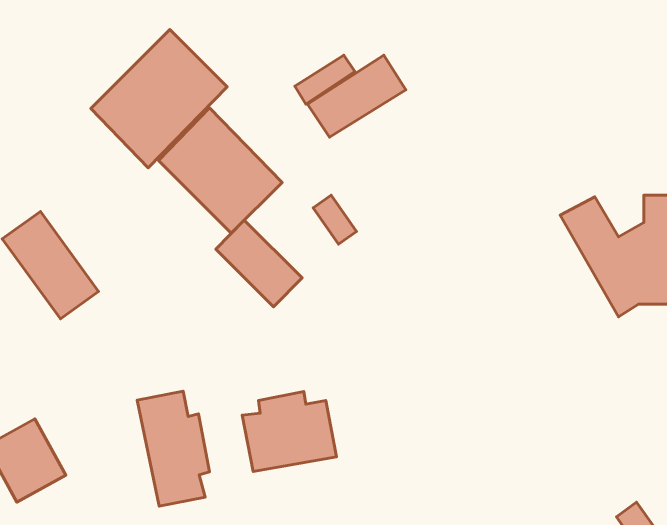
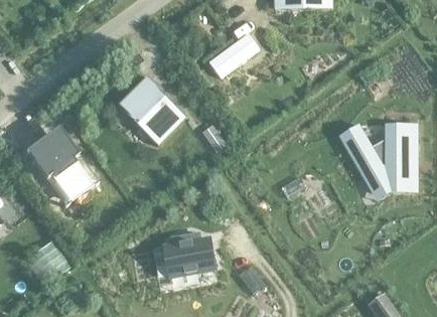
building: [91,29,227,168] -> none
building: [216,220,302,307] -> none
building: [137,391,209,506] -> none

